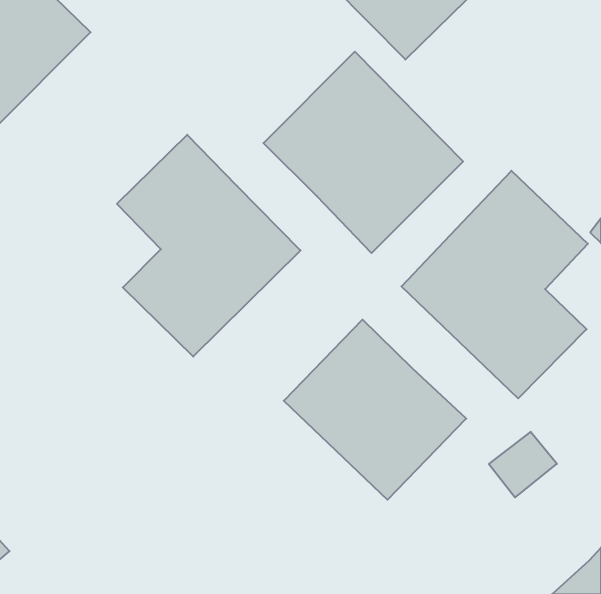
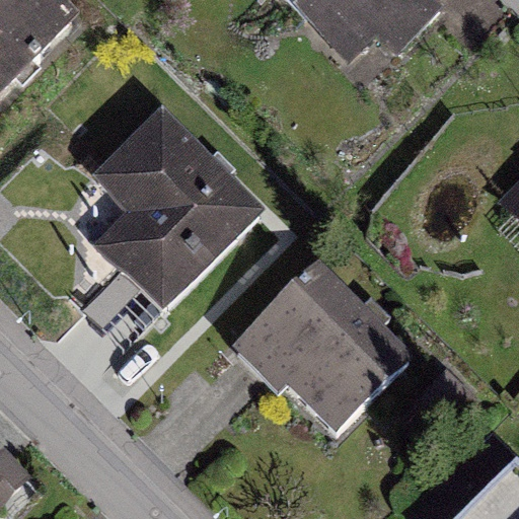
building: [263,52,463,253] -> none
building: [401,171,588,398] -> none

